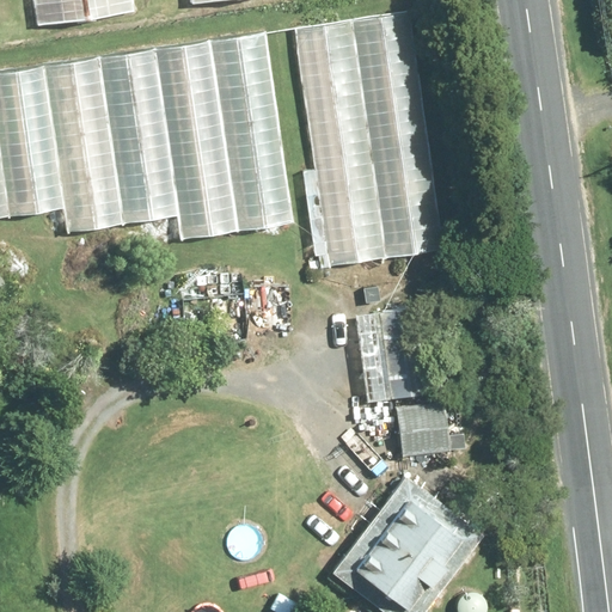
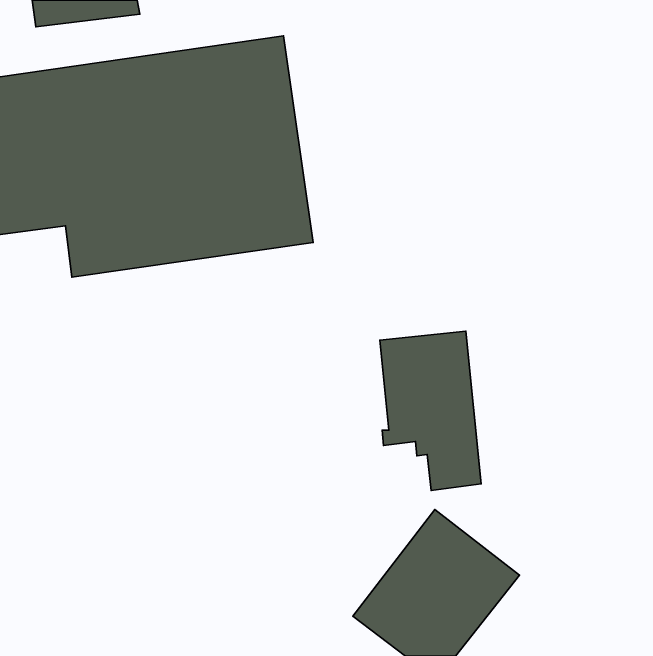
building: [292,10,440,264] -> none

